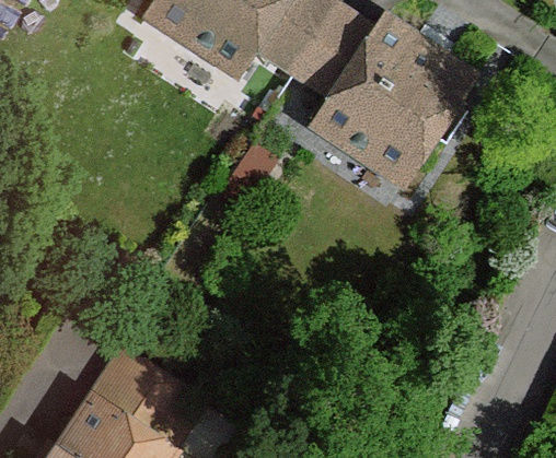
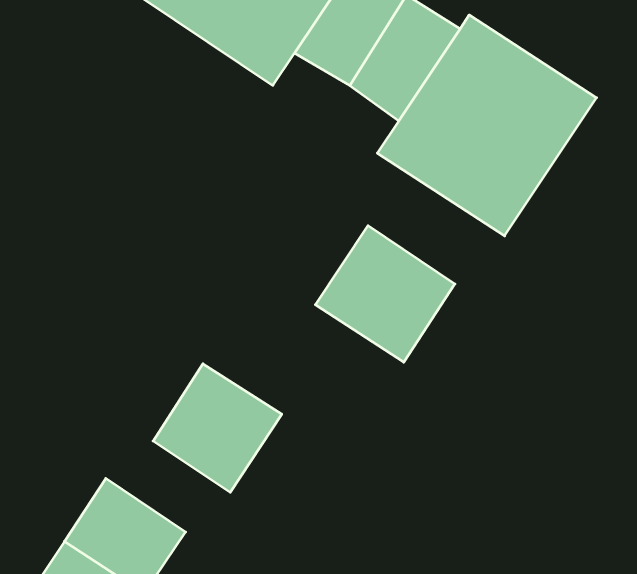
building: none -> [315,226,455,362]
building: none -> [153,364,282,492]

